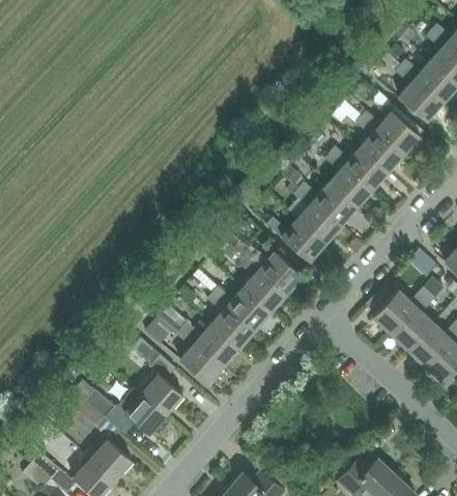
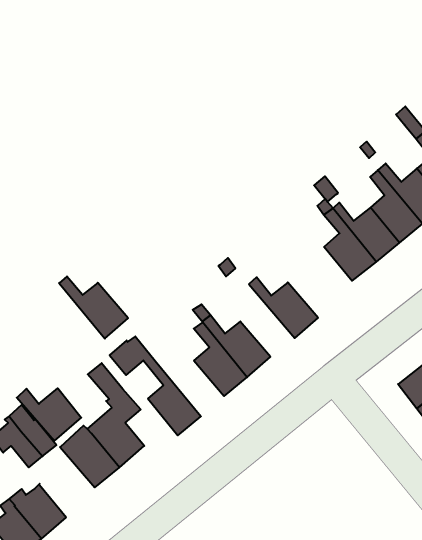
building: [267,219,324,261] -> none
building: [238,258,287,312] -> none
building: [181,324,239,367] -> [59,276,128,339]
building: none -> [17,388,81,441]

